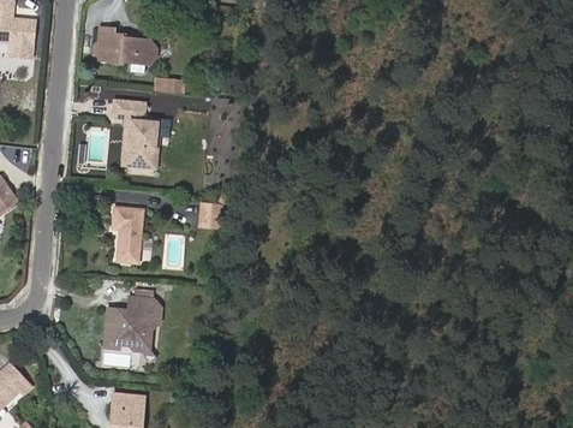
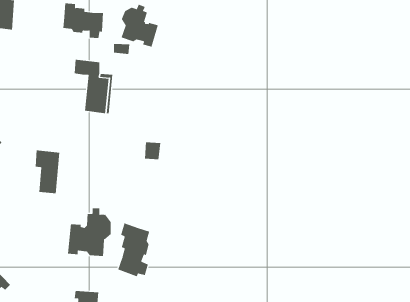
building: none -> [121,4,159,48]
building: [113,206,145,262] -> [35,150,60,194]
building: none -> [117,222,150,277]

